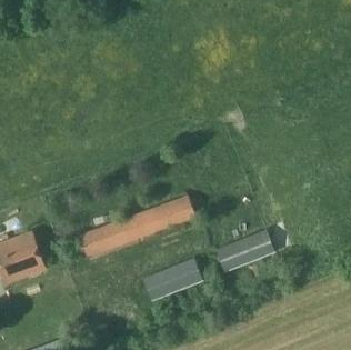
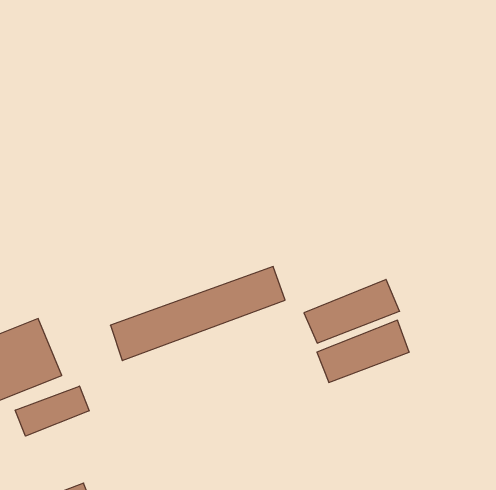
building: [141,259,204,301] -> [304,279,400,343]
building: none -> [15,386,89,436]

